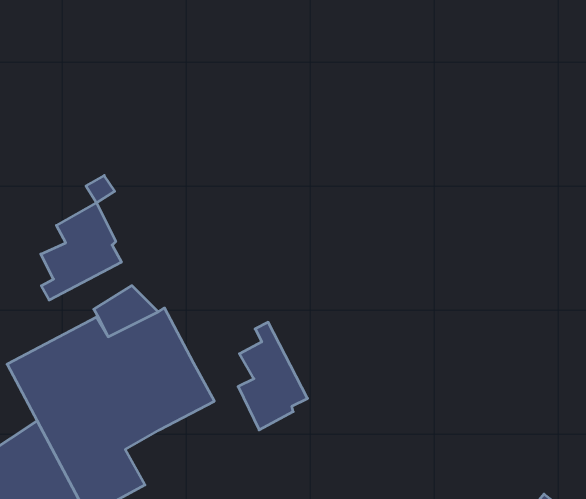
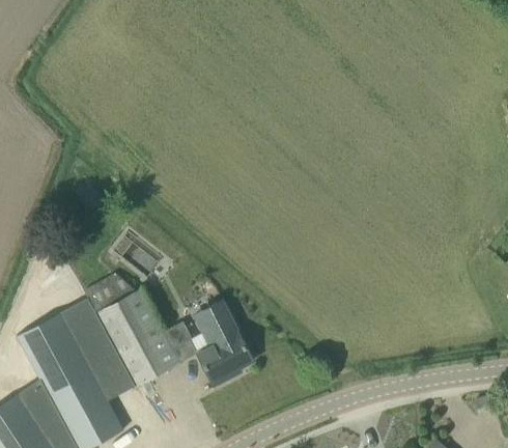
building: [41,203,121,300] -> none
building: none -> [162,324,197,364]

